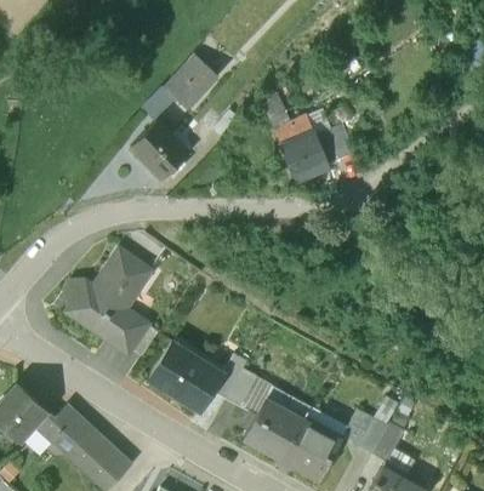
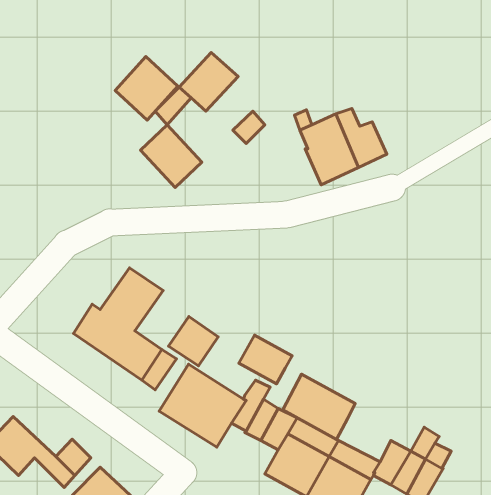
building: none -> [115,57,178,120]
building: none -> [169,317,218,366]
building: none -> [239,335,292,384]
building: none -> [283,374,355,439]

